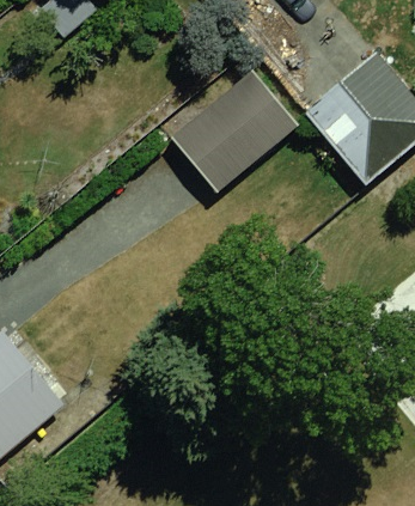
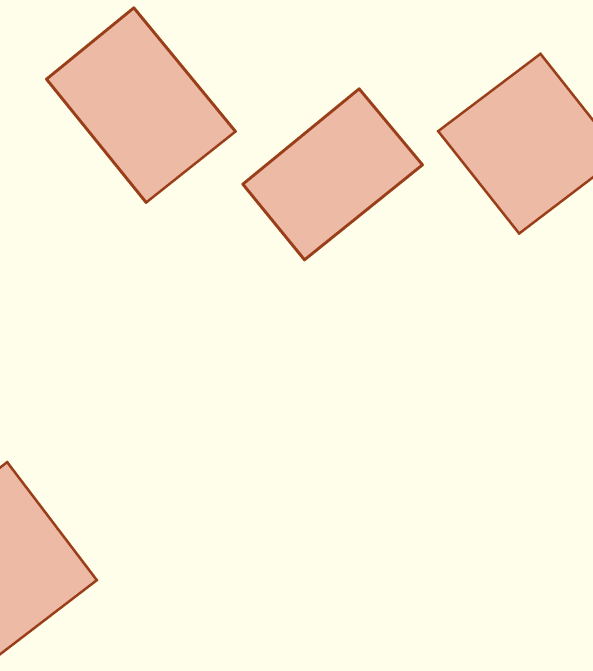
building: none -> [46,8,236,202]

